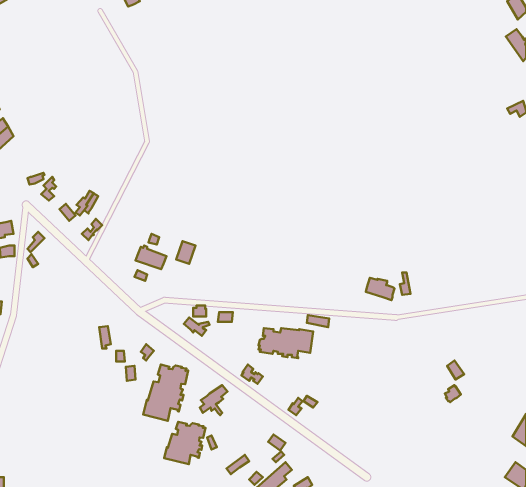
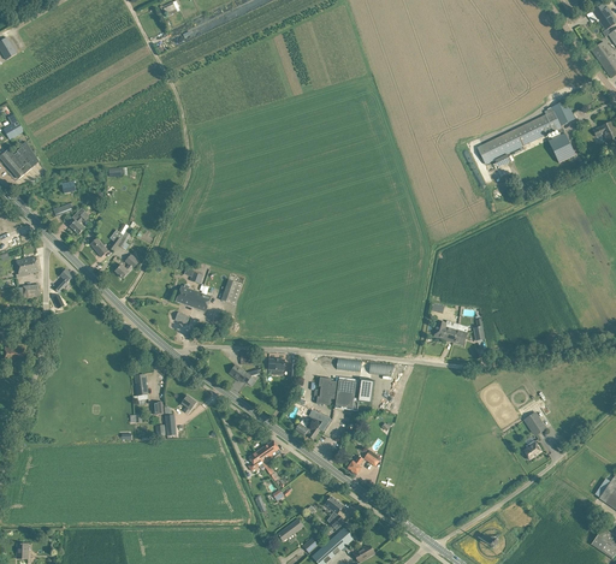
building: none -> [478,100,575,162]
building: [143,365,188,421] -> none
building: [164,422,206,464] -> none

